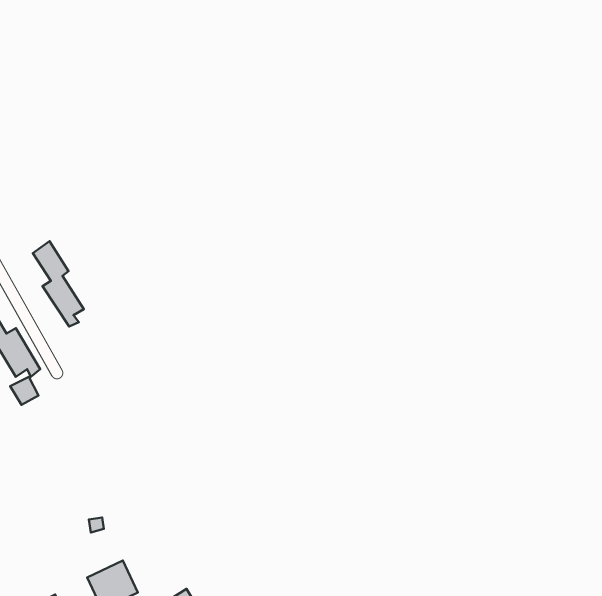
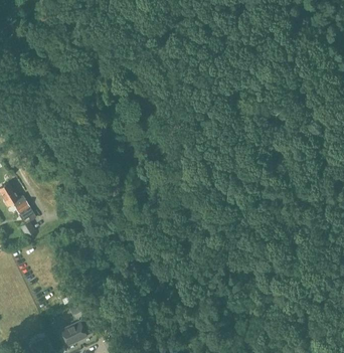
building: [33,241,84,326] -> none

